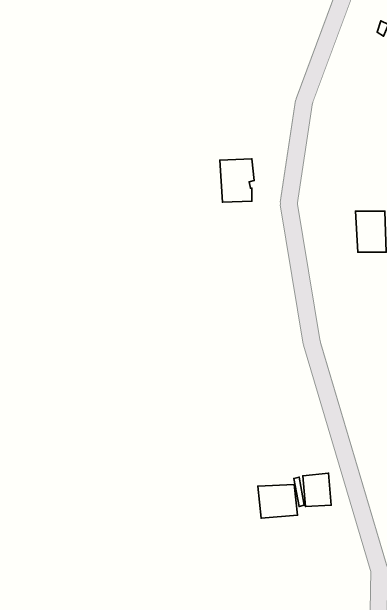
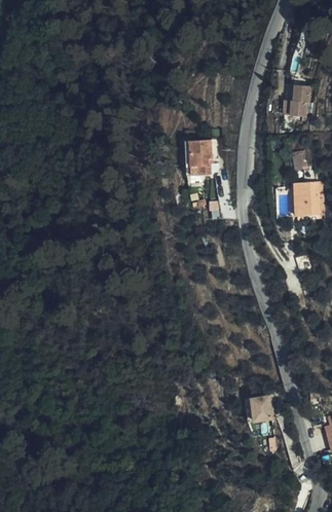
building: none -> [287,83,305,115]
building: [258,485,297,518] -> none

